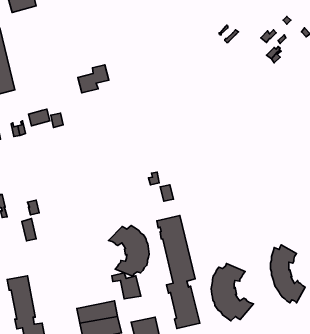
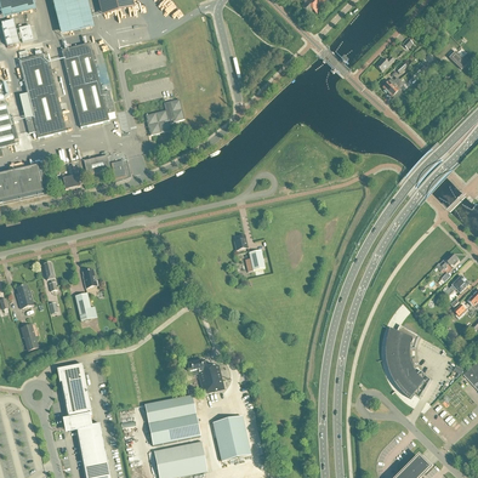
building: none -> [61,41,113,126]
building: [157,216,200,328] -> none
building: [109,225,149,276] -> none
building: [211,263,253,321] -> none

